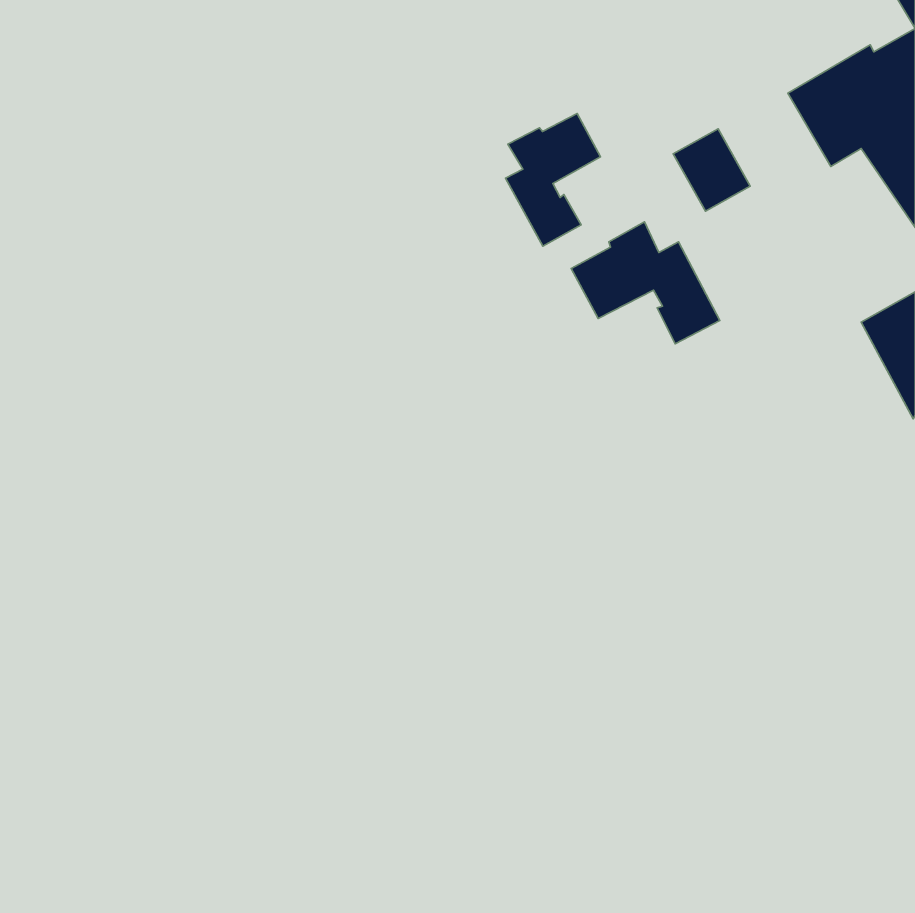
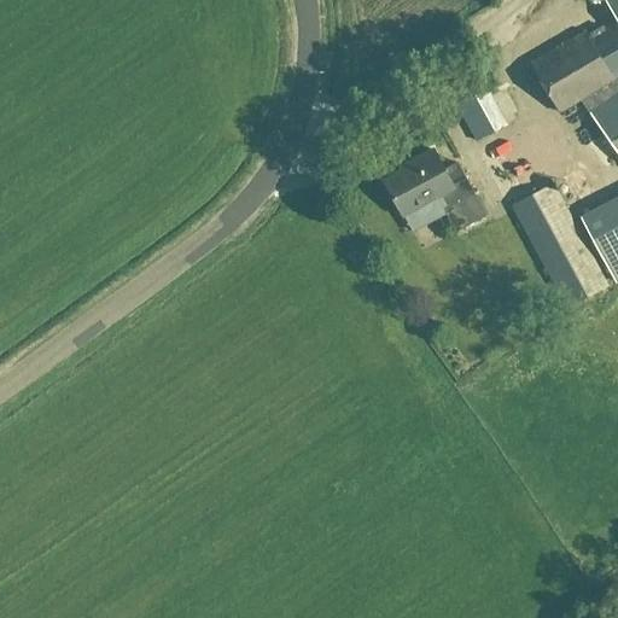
building: [506,113,600,246] -> none
building: none -> [512,185,607,308]

